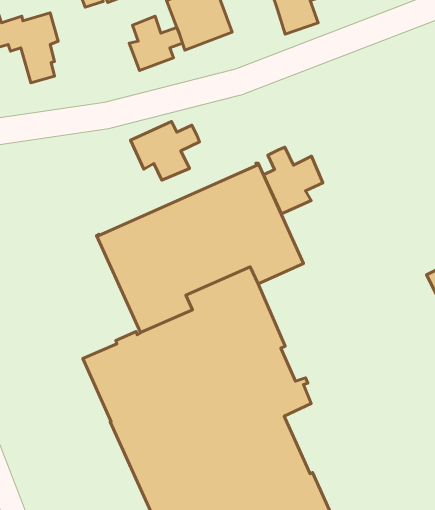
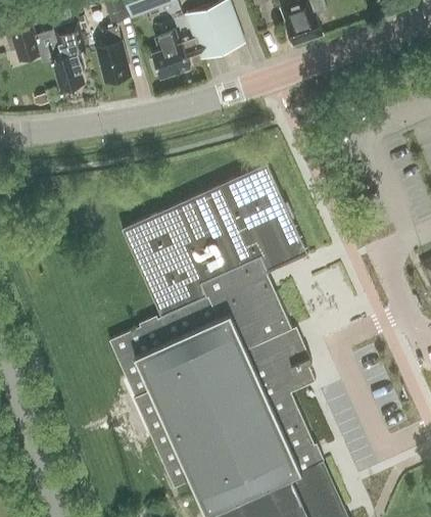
building: none -> [97,28,129,84]
building: [131,121,200,180] -> none
building: [264,147,323,214] -> none

